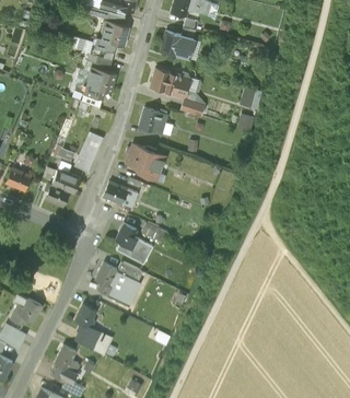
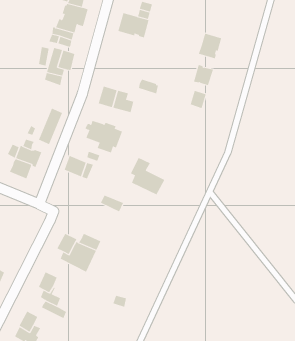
building: none -> [198,33,222,59]
building: [150,68,189,97] -> none
building: [115,223,152,264] -> [130,157,165,195]

